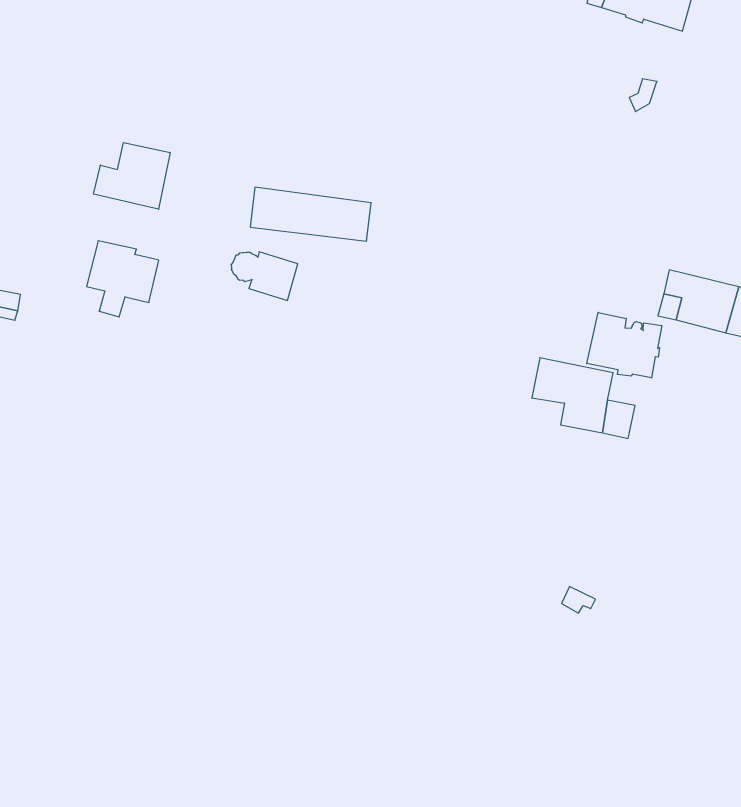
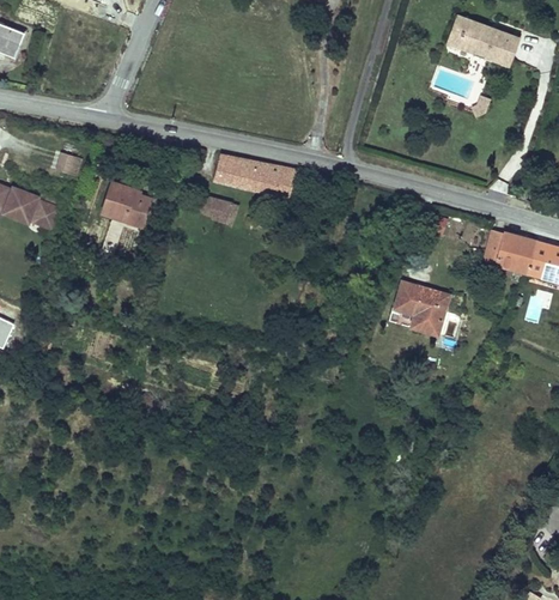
building: [94,143,170,209] -> none
building: none -> [55,150,86,174]
building: [587,312,662,378] -> none

